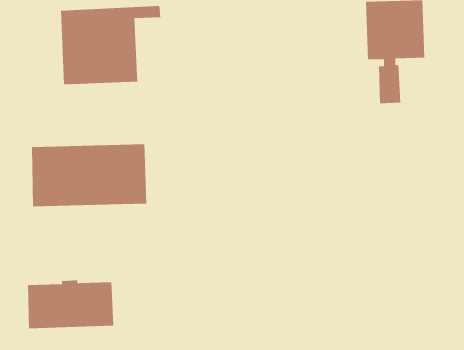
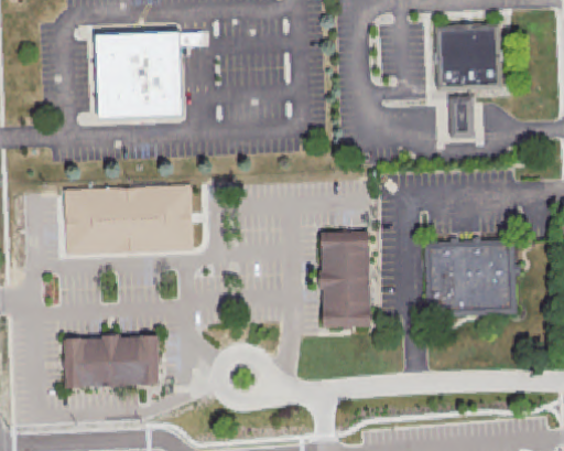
building: none -> [316,236,369,329]
building: none -> [426,240,520,318]

